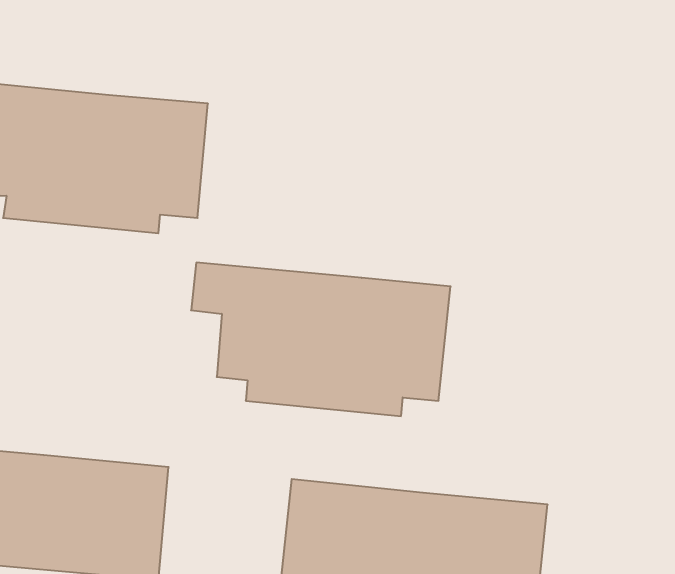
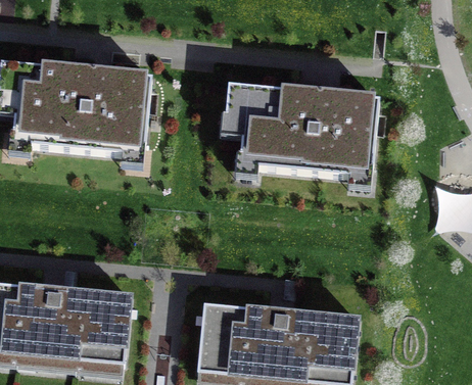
building: [191,263,451,416] -> [224,84,379,176]

